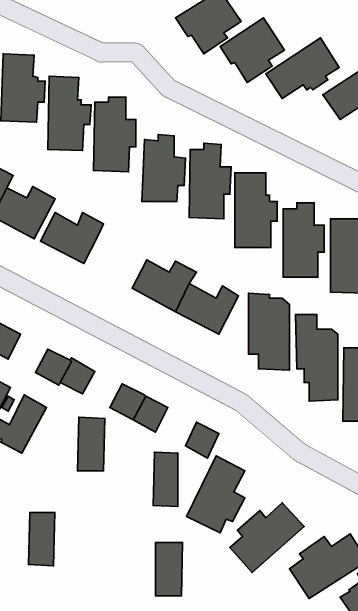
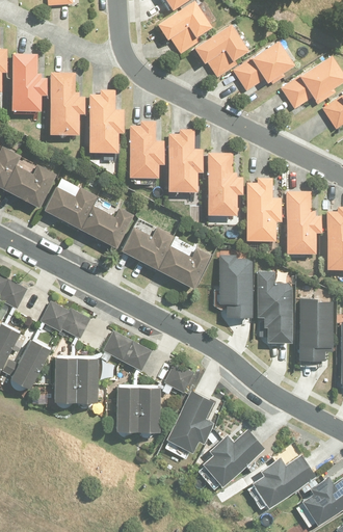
building: none -> [80,206,134,249]
building: [29,512,55,566] -> [54,358,76,403]
building: [155,543,183,596] -> [116,388,139,432]

